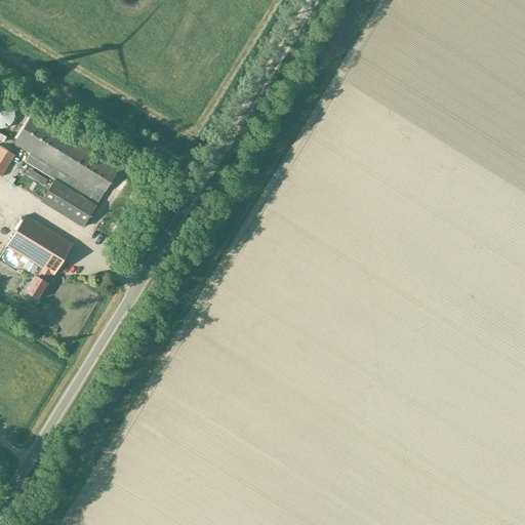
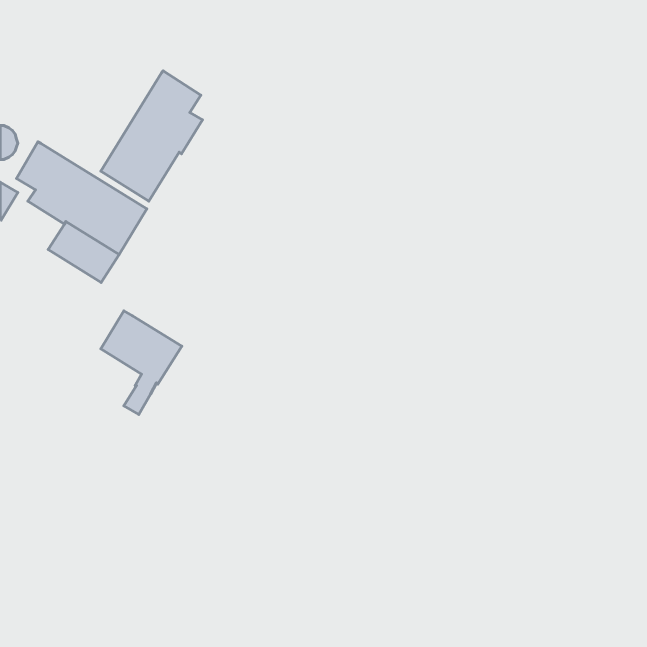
building: none -> [101,71,202,201]
building: [6,216,72,300] -> [101,311,182,415]

